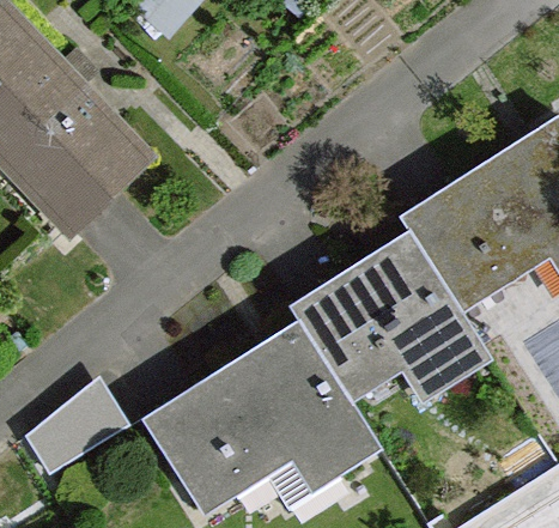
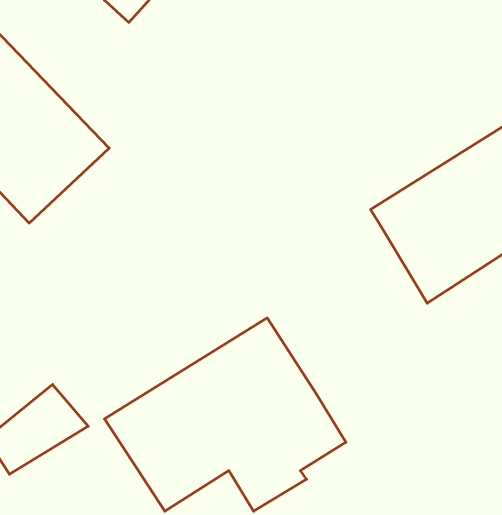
building: [291,231,488,395] -> none

